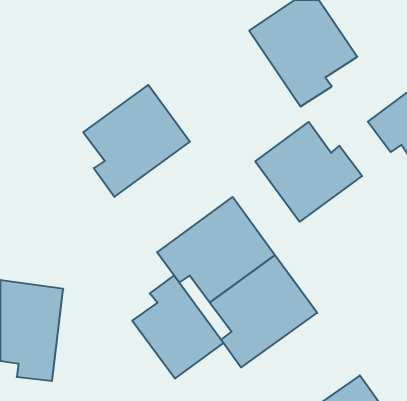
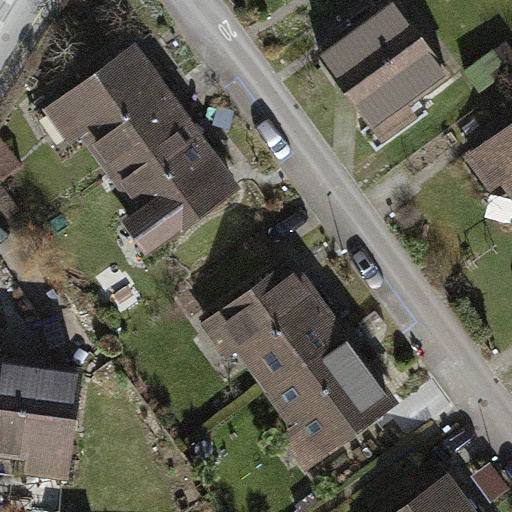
building: none -> [40,43,188,175]
building: [255,122,362,222] -> none
building: [132,275,224,379] -> none

